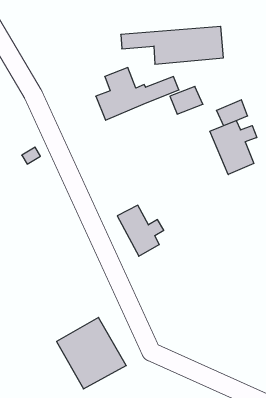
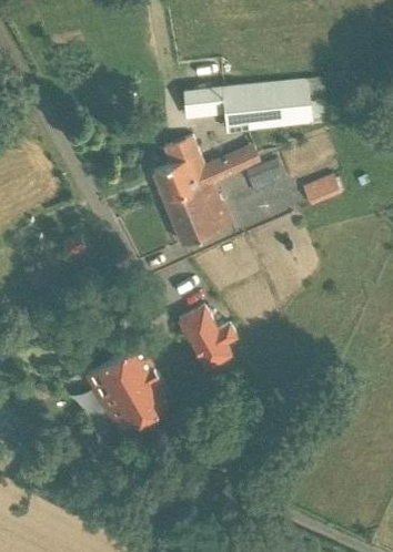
building: none -> [164,180,232,242]
building: [210,121,257,175] -> none
building: [57,317,126,389] -> [87,340,173,429]

